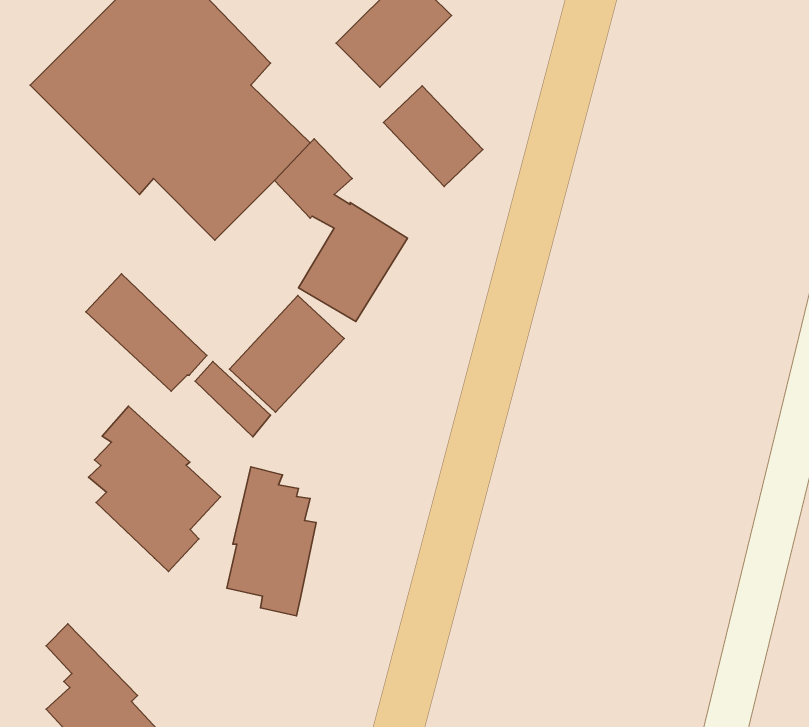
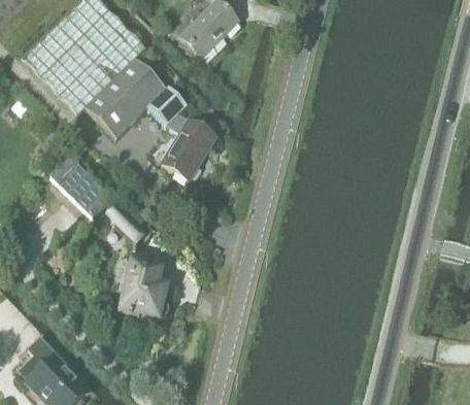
building: [384,86,483,186] -> none
building: [229,295,344,412] -> none
building: [88,406,220,571] -> none

